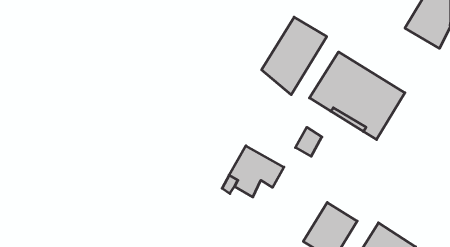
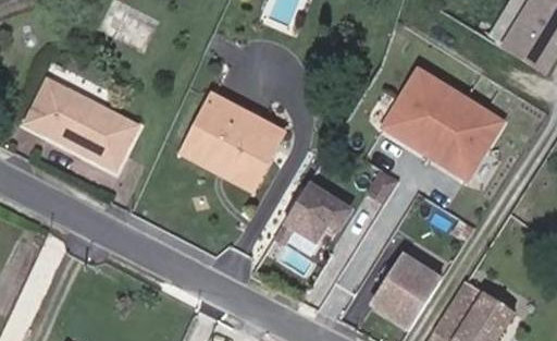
building: [262,17,327,95] -> none
building: none -> [27,83,137,167]
building: none -> [187,100,281,185]

